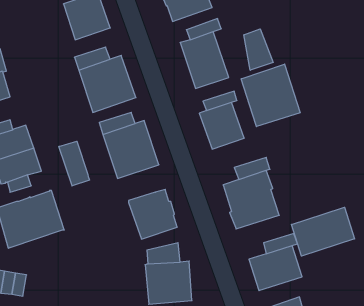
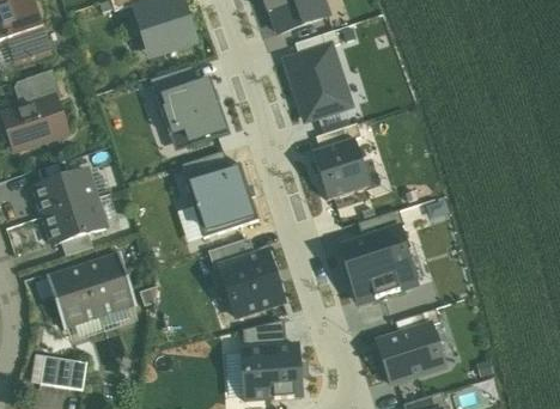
building: [244,29,273,70] -> none
building: [241,64,300,127] -> none
building: [59,141,90,186] -> none
building: none -> [208,237,254,269]
building: [291,207,355,256] -> none

